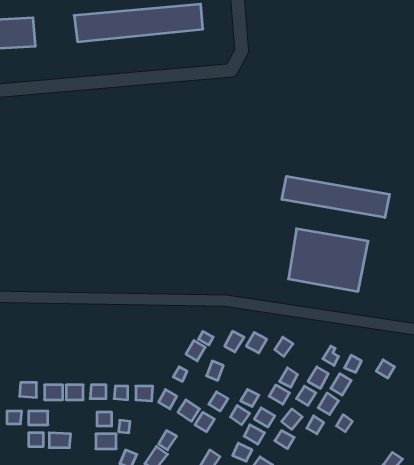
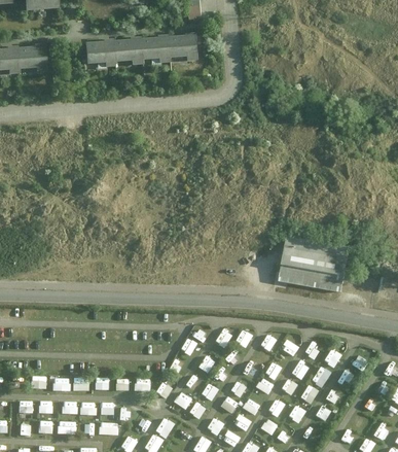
building: [282,176,390,218] -> none

